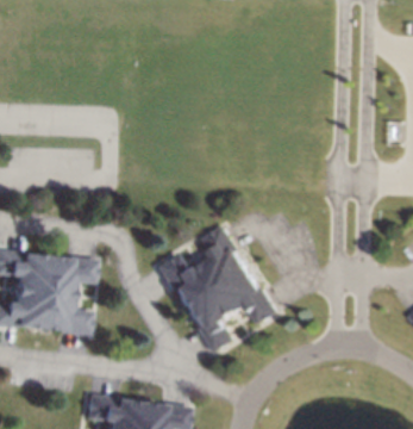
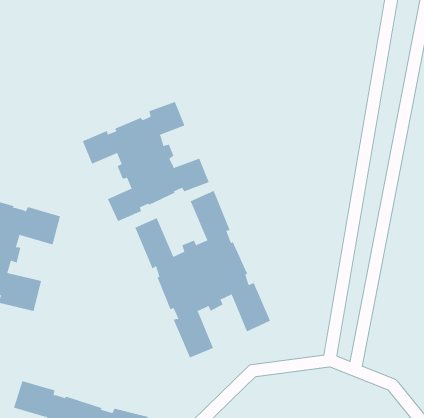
building: none -> [82,101,210,222]

